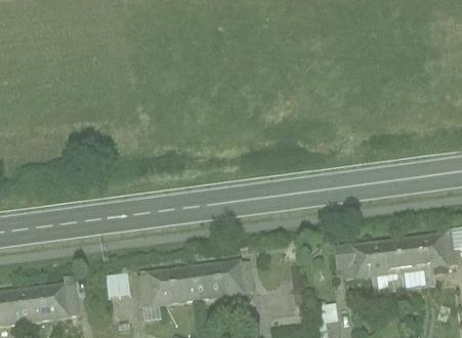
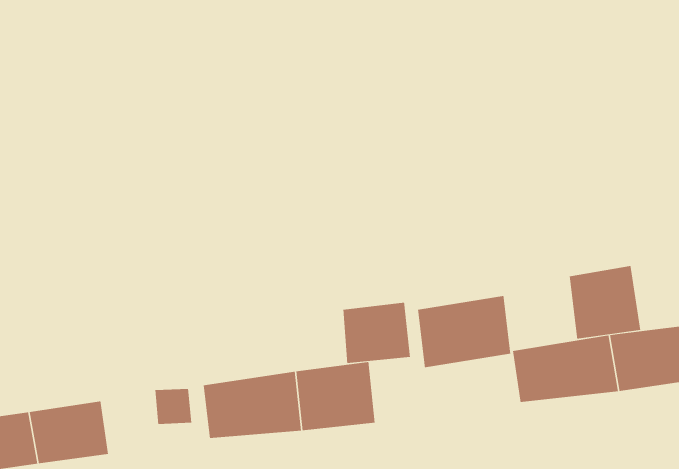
building: none -> [569,265,641,340]
building: none -> [417,295,511,368]
building: none -> [343,302,411,364]

